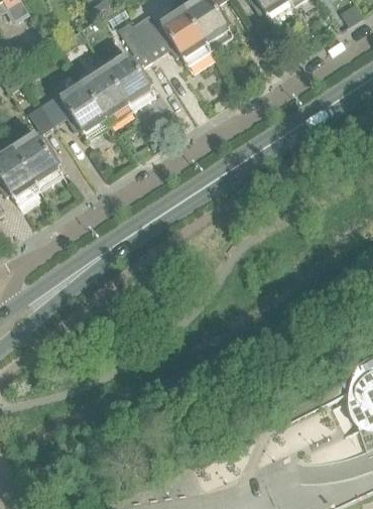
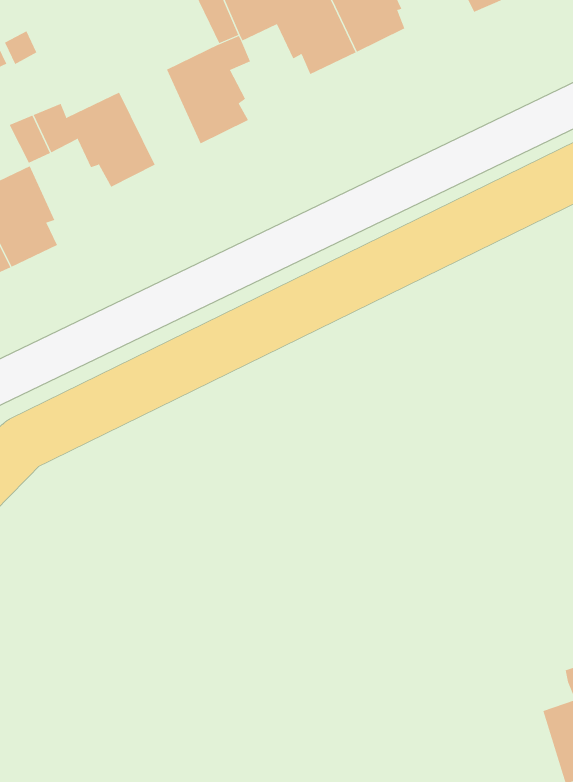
building: [82,69,128,120] -> none

